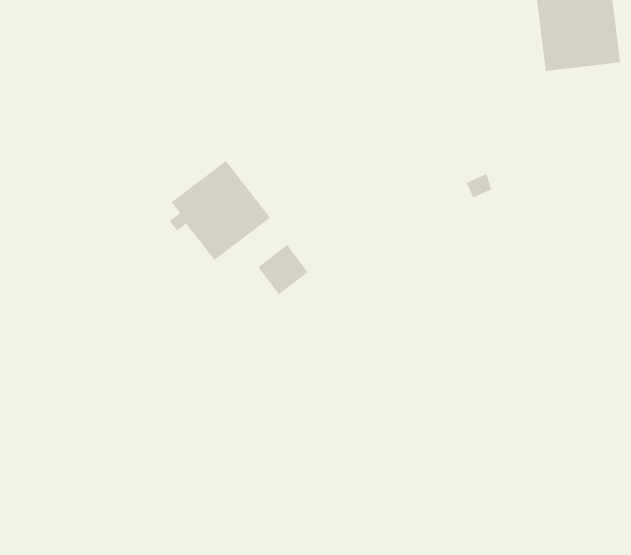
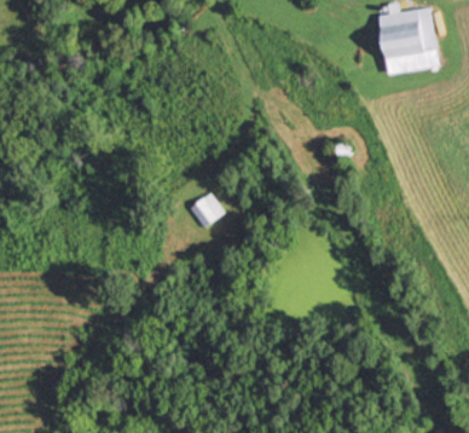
building: [169,160,271,261] -> none

